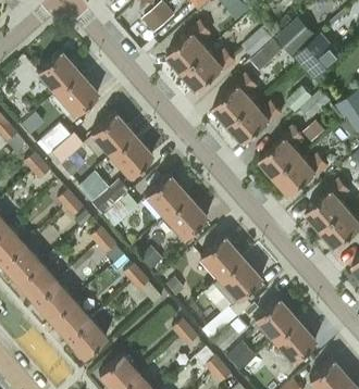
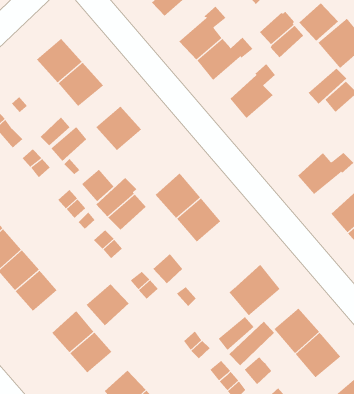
building: [230,102,282,142] -> none
building: [260,127,304,177] -> none
building: [111,135,153,176] -> none
building: [200,236,243,278] -> none
building: [34,281,74,321] -> [86,283,130,326]

